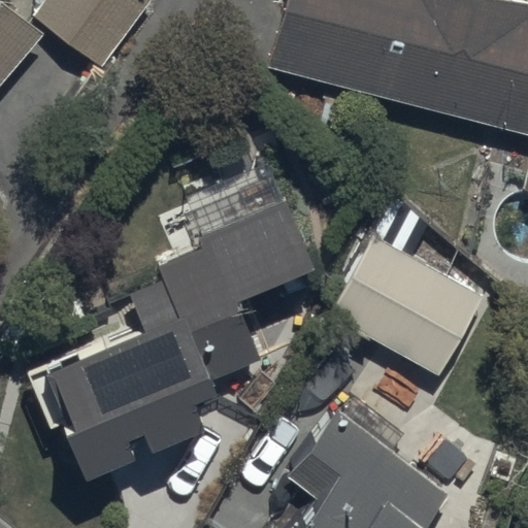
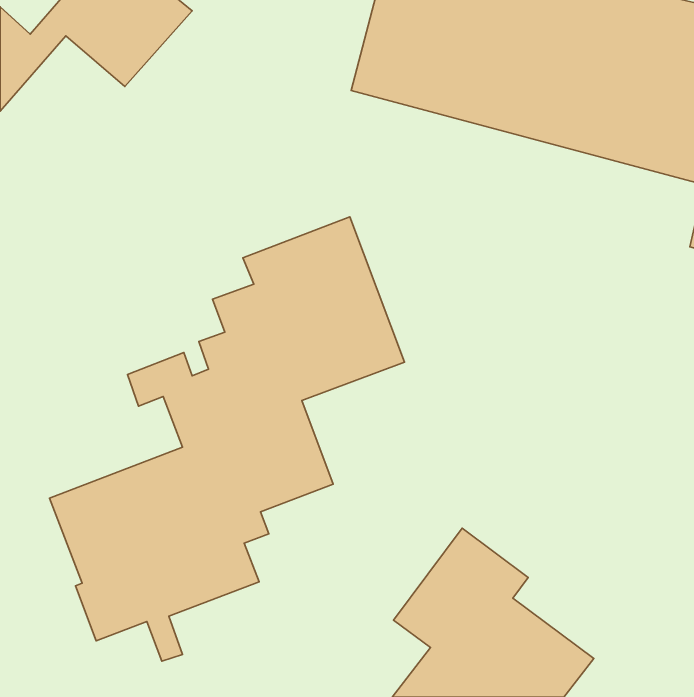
building: [329,234,484,376] -> none

